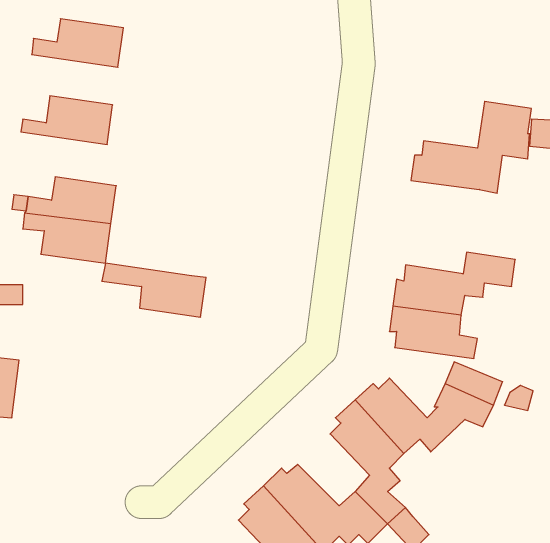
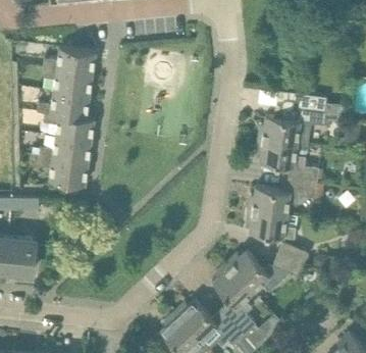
building: none -> [41,67,92,96]
building: none -> [256,139,319,184]
building: [102,263,206,317] -> [35,111,94,142]

